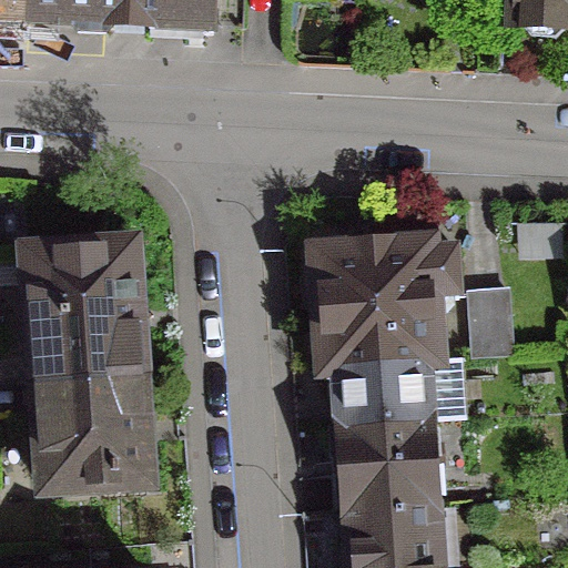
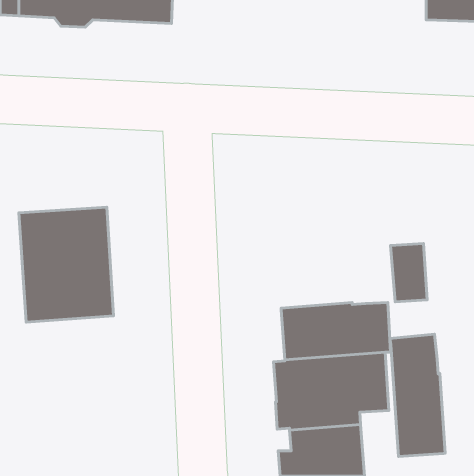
building: [308,241,458,367] -> none
building: [37,374,149,488] -> none
building: none -> [390,334,445,456]

